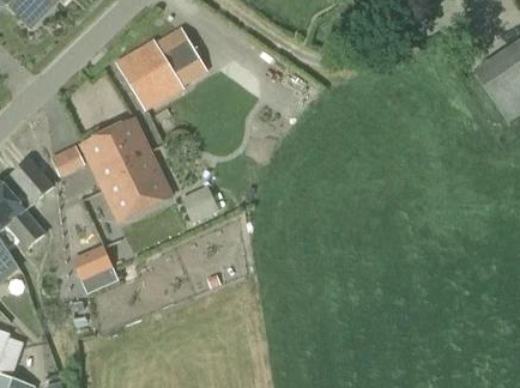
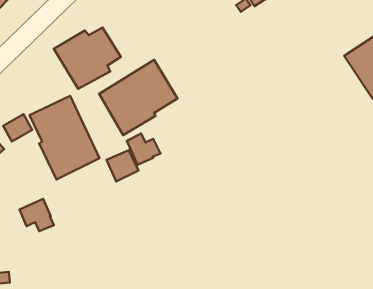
building: none -> [99,60,178,135]
building: none -> [127,134,160,165]

